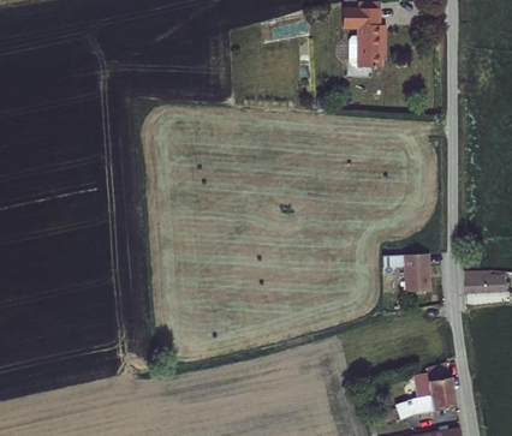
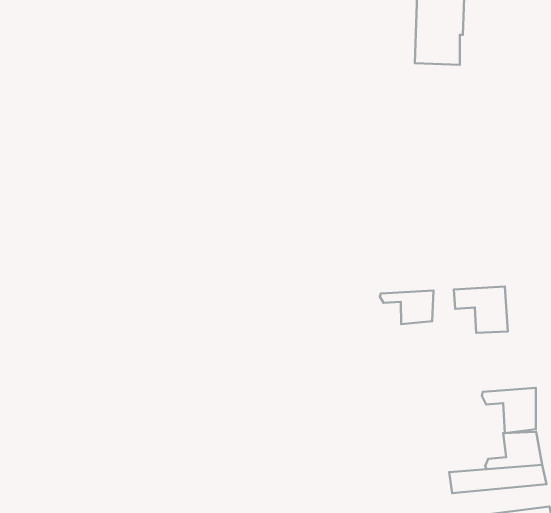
building: none -> [380,290,434,324]
building: none -> [482,388,536,433]

